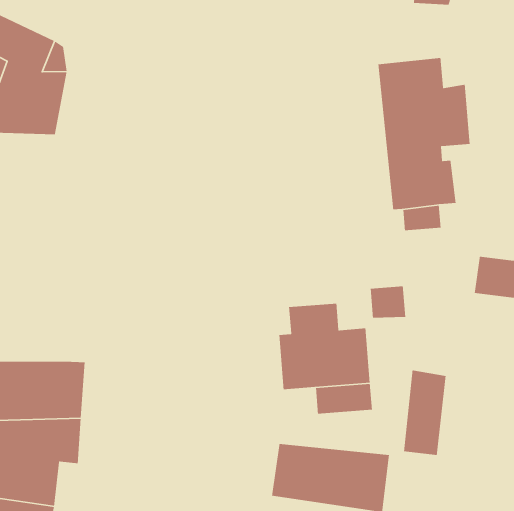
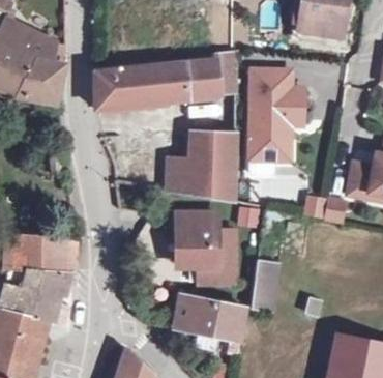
building: none -> [96,54,232,113]
building: none -> [169,132,235,201]

